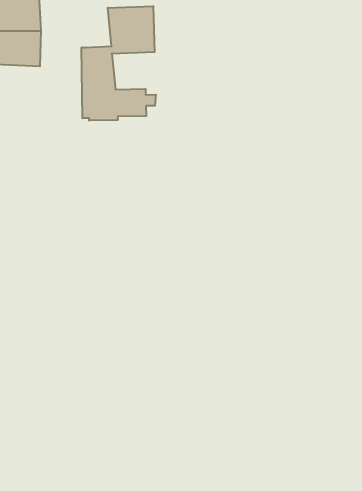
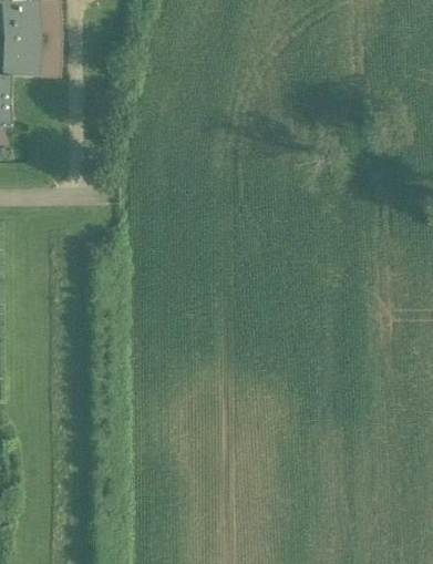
building: [82,6,156,121] -> none

